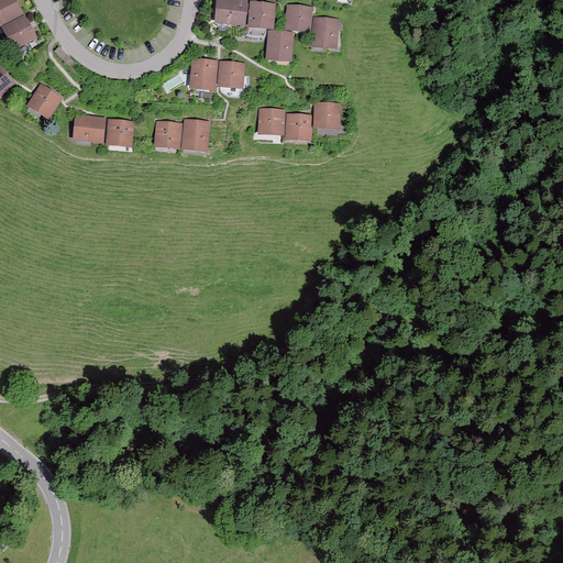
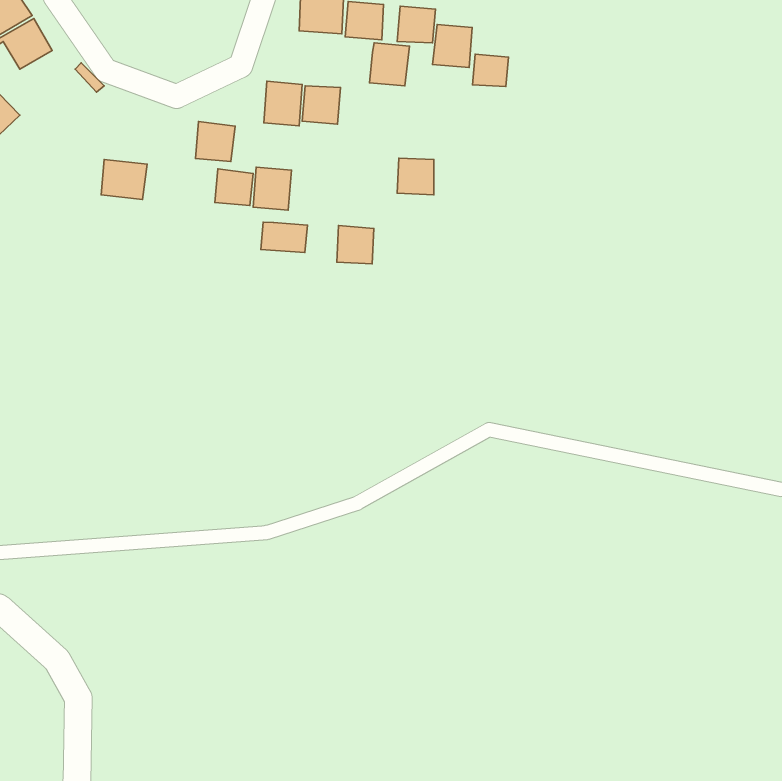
building: none -> [473,54,508,87]
building: [26,85,62,119] -> none
building: [313,102,339,129] -> none
building: [257,108,284,135] -> [337,225,374,264]
building: [106,118,134,146] -> [195,122,235,162]
building: none -> [261,222,308,253]

